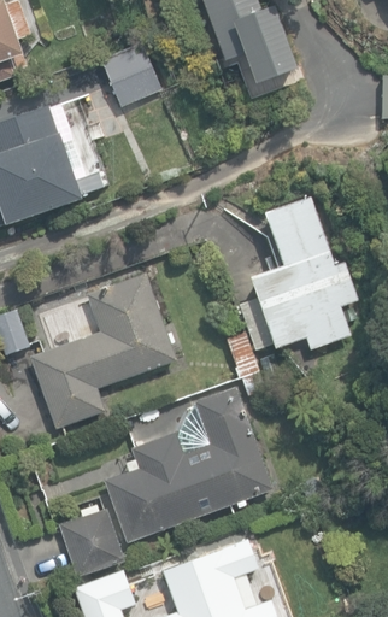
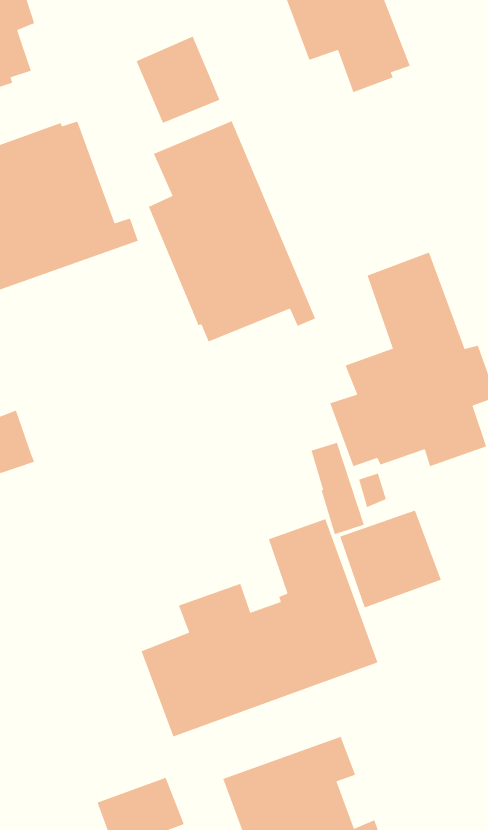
building: none -> [148,120,316,342]
building: [31,272,176,427] -> none
building: none -> [339,509,442,608]
building: [60,507,124,576] -> none

